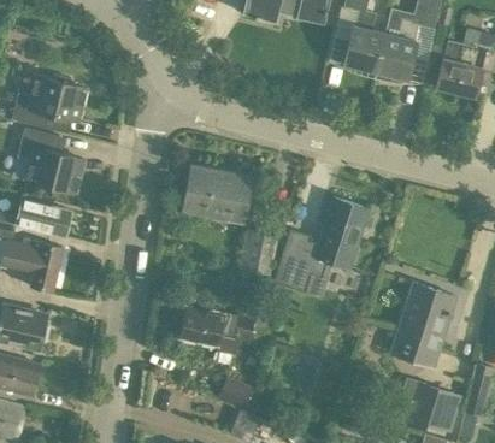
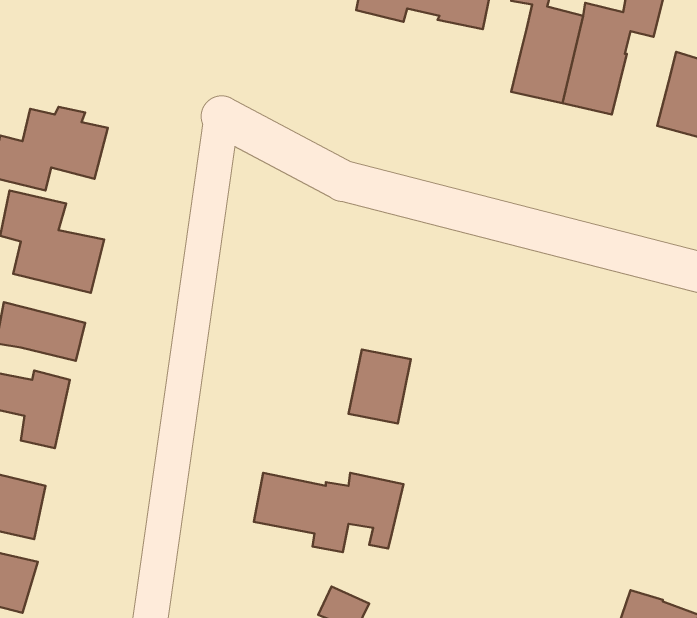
building: [183,165,253,223] -> none
building: [273,197,369,293] -> none
building: [391,283,456,367] -> none

